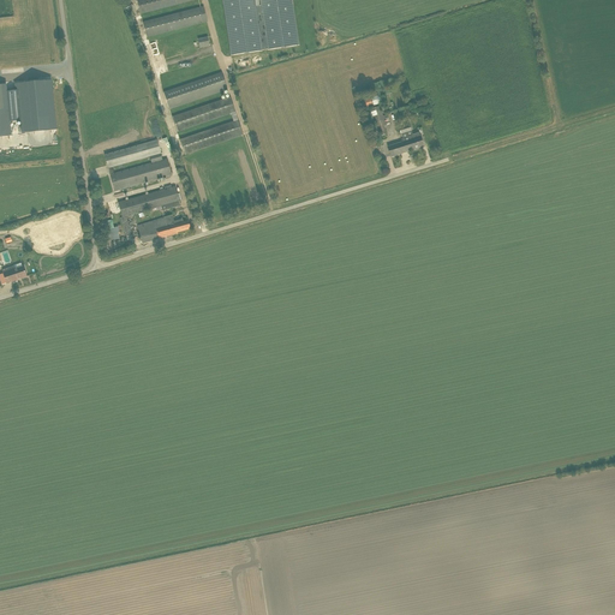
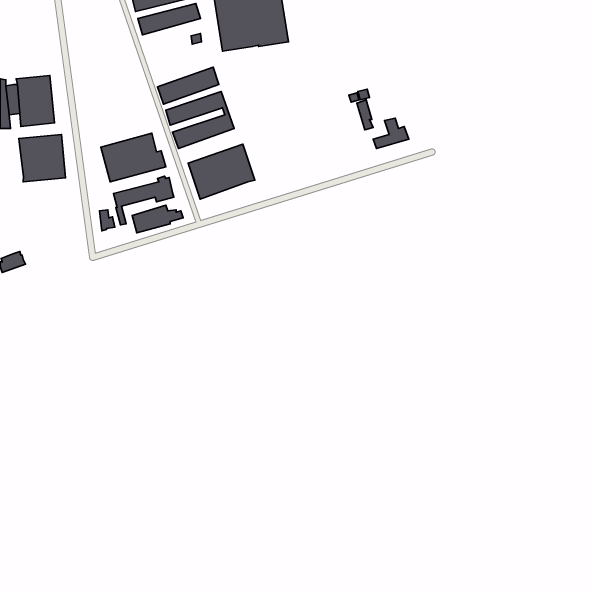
building: none -> [19,134,66,182]
building: none -> [188,144,255,199]

